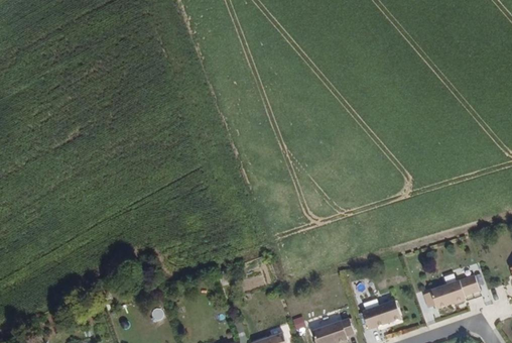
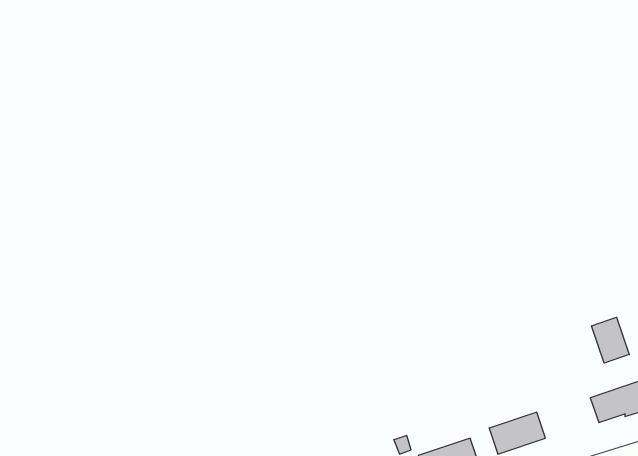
building: none -> [592,317,629,363]

